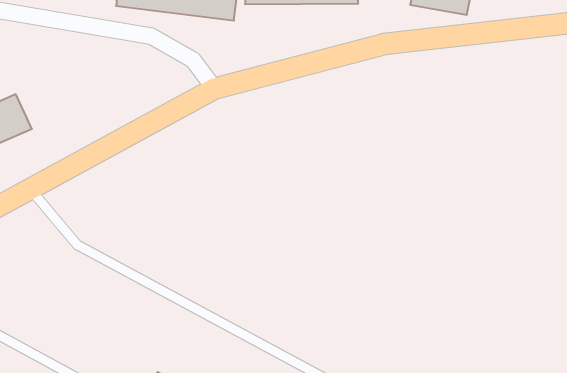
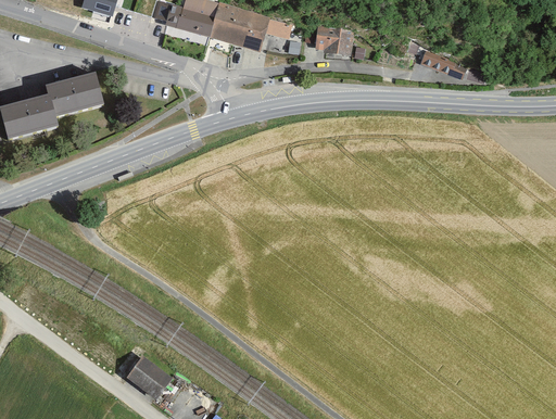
building: none -> [48,72,104,114]

